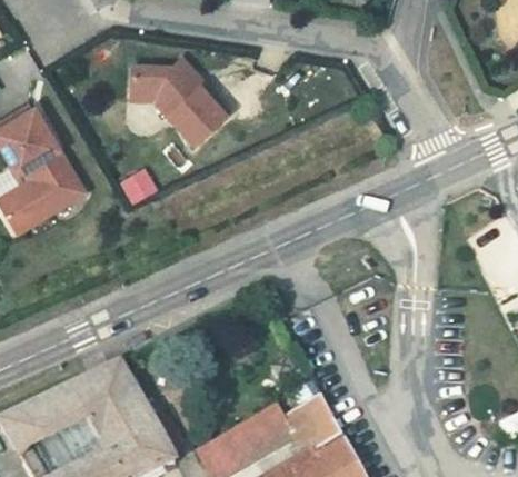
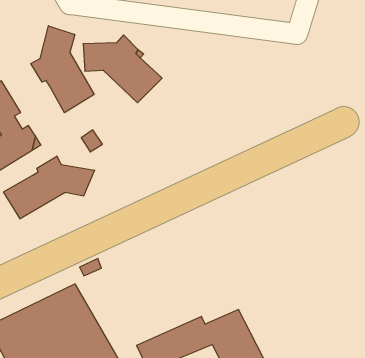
building: none -> [31,26,94,113]
building: none -> [4,156,94,219]

